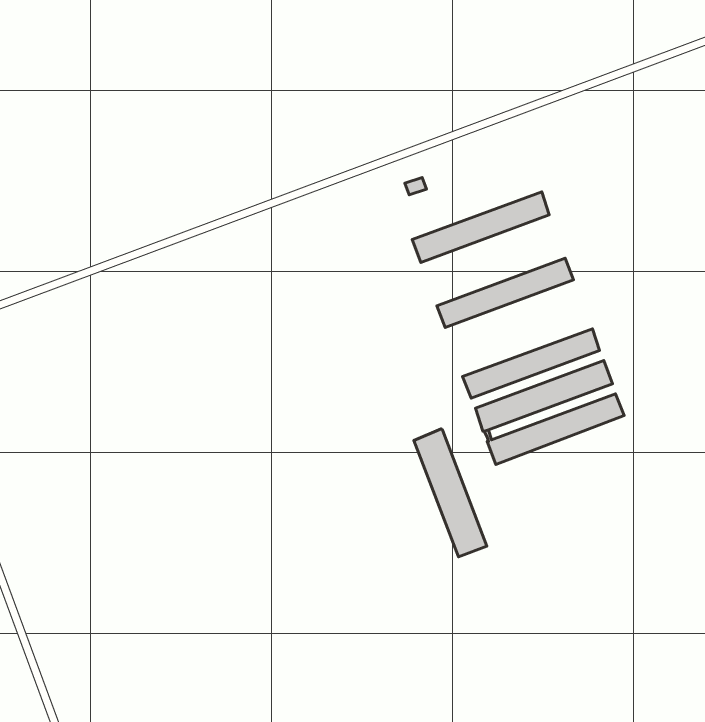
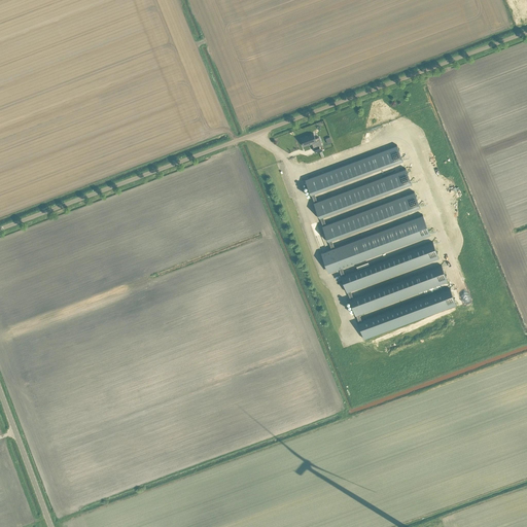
building: none -> [313,170,411,220]
building: none -> [320,216,429,274]
building: [414,429,487,557] -> none

